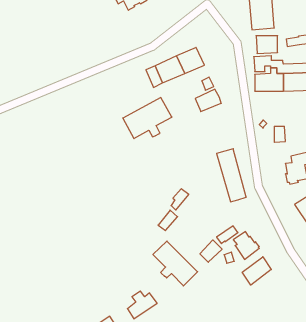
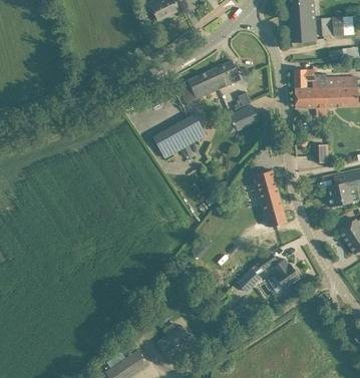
building: [256,36,278,53] -> [322,16,345,35]
building: [153,241,198,286] -> none
building: [242,257,271,285] -> none

